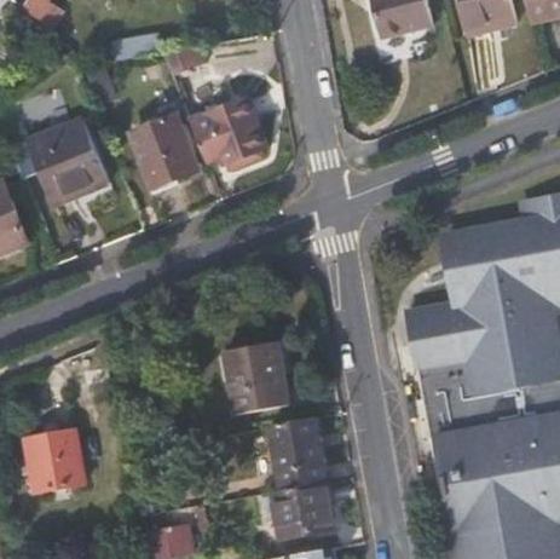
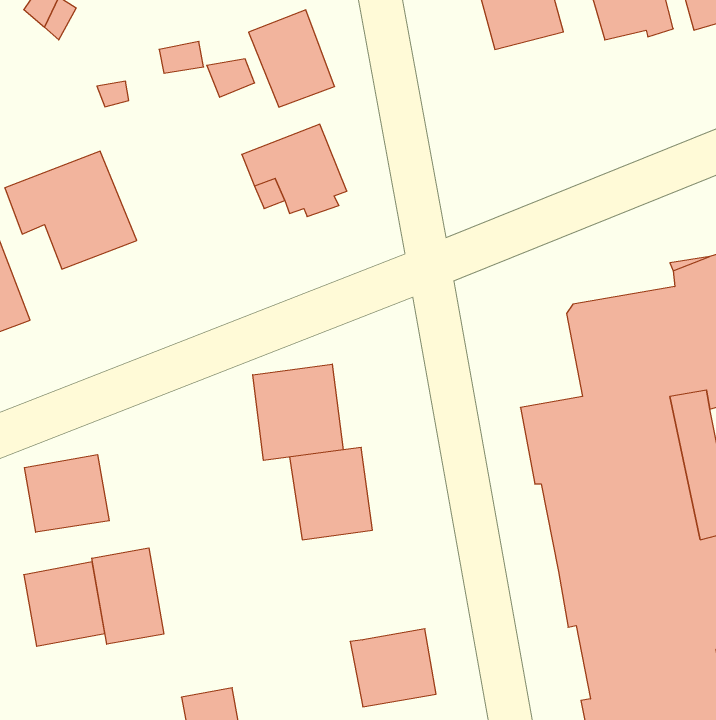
building: [132,114,197,188] -> [249,10,335,107]
building: none -> [253,364,343,460]
building: none -> [24,455,109,532]
building: [270,416,329,489] -> none
building: none -> [92,548,164,644]

